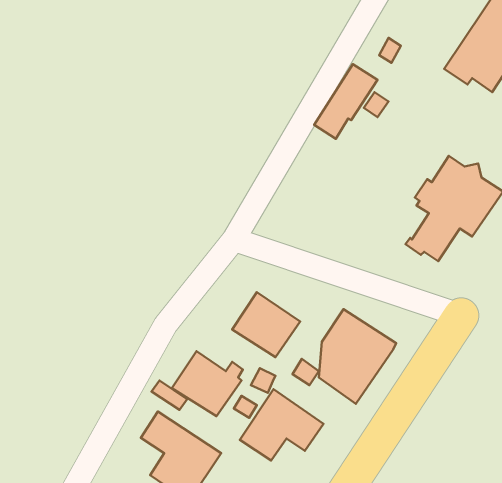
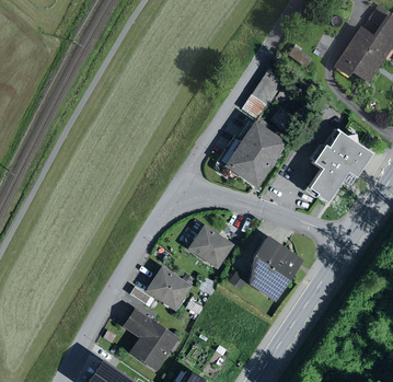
building: none -> [216,119,286,187]
building: [240,389,324,461] -> none

